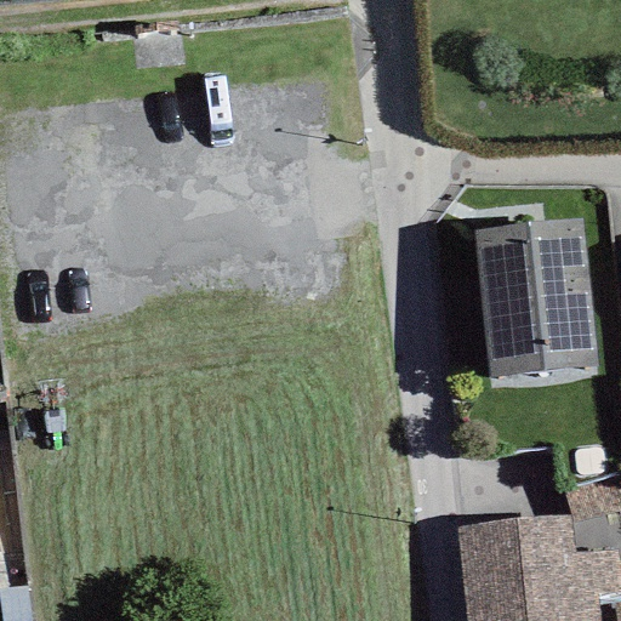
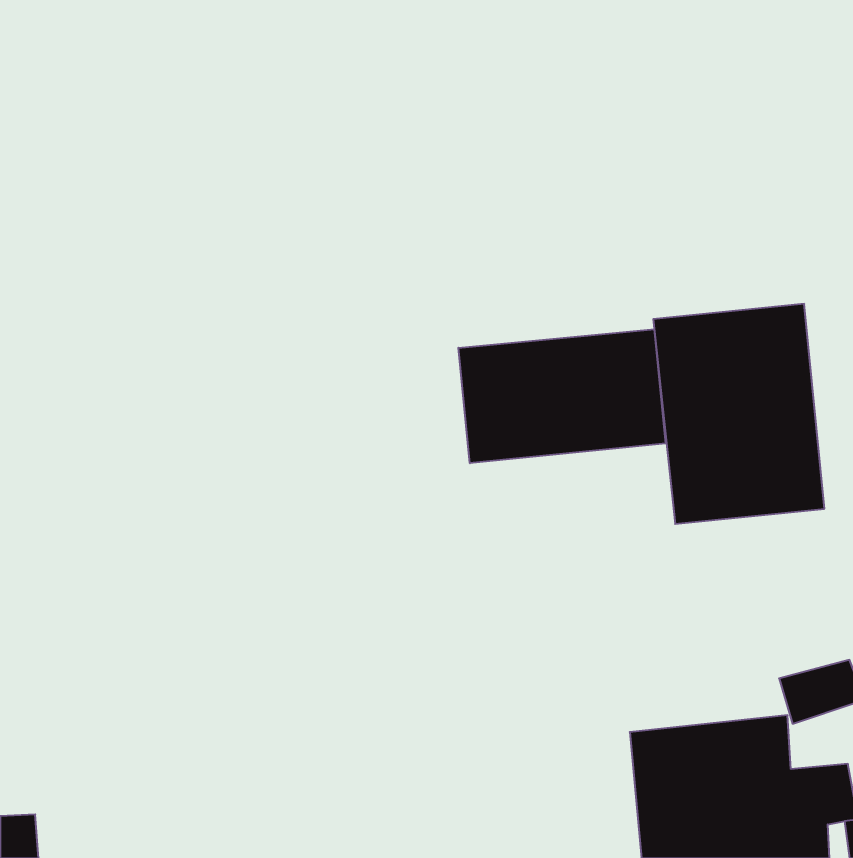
building: none -> [458,329,665,463]

